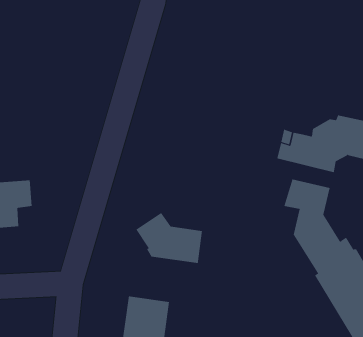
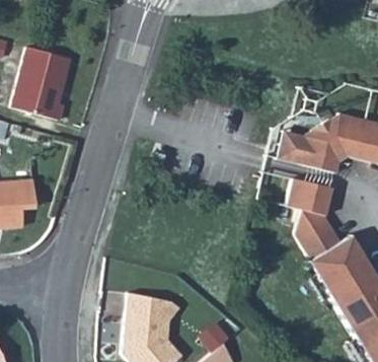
building: none -> [11,48,71,119]
building: [135,212,203,264] -> none

